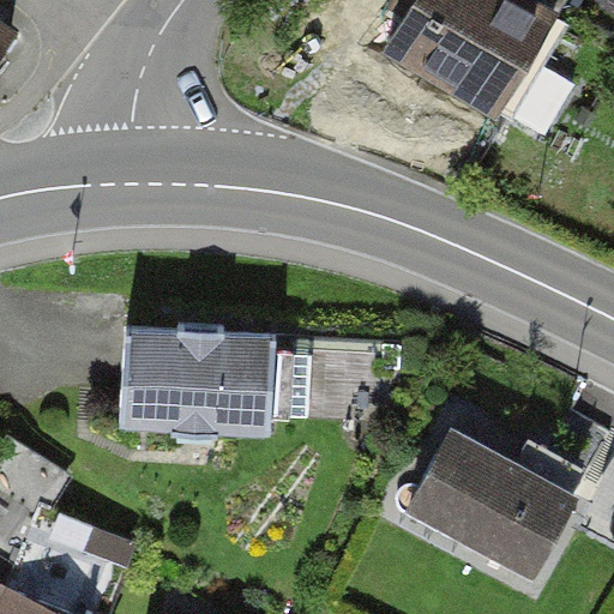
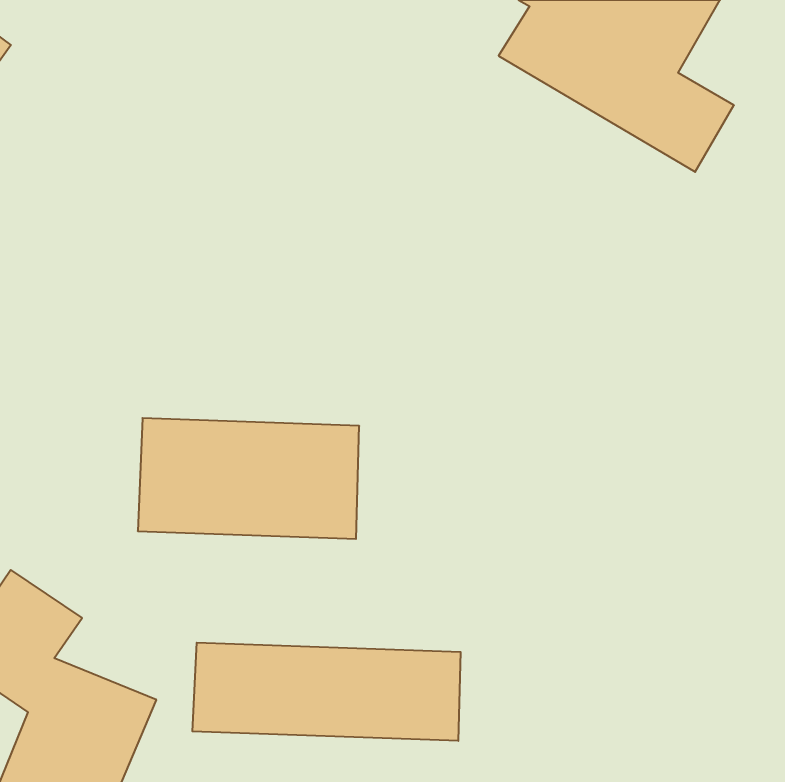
building: [416,437,571,576] -> none
building: none -> [192,643,461,741]

